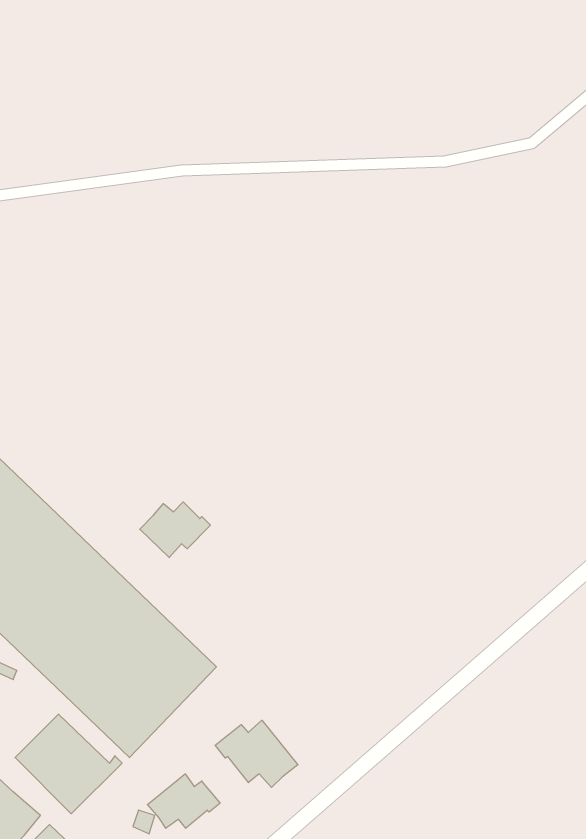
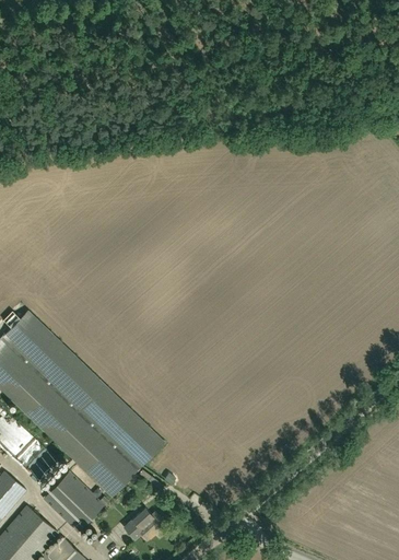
building: [140,502,210,558] -> none
building: [215,720,298,787] -> none

